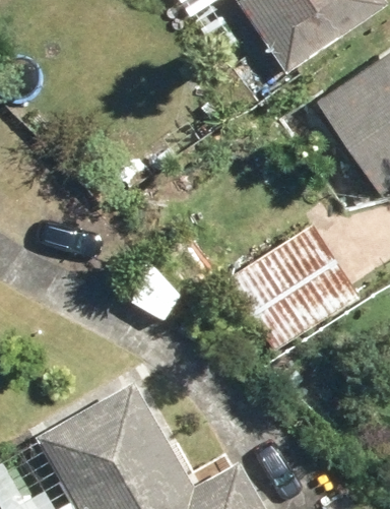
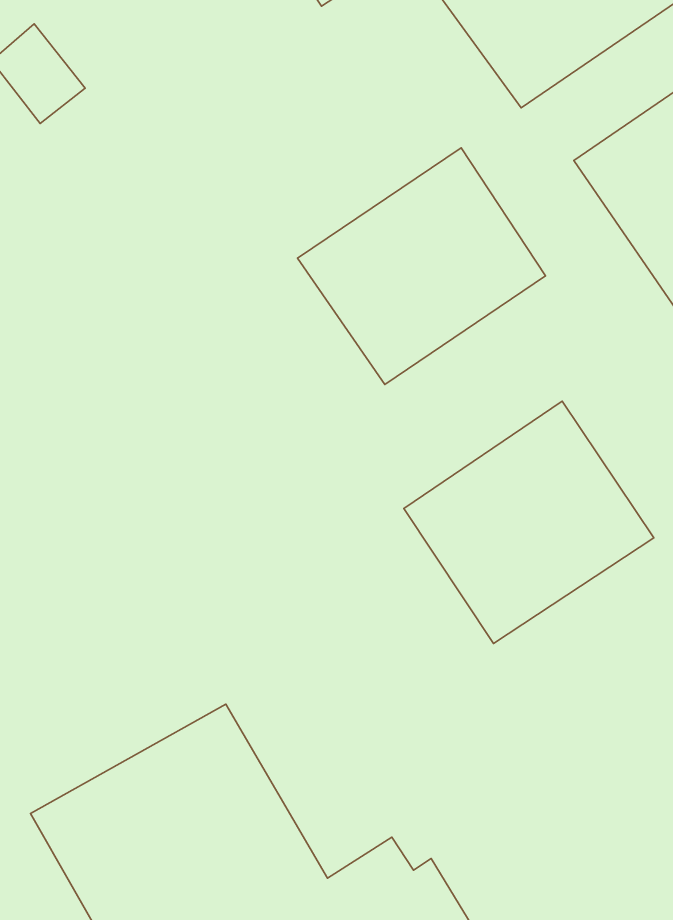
building: none -> [297,148,546,384]

